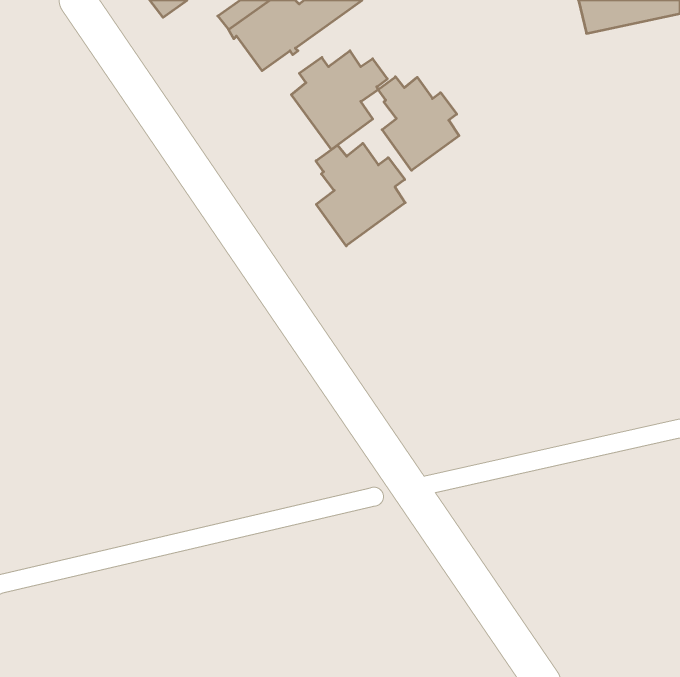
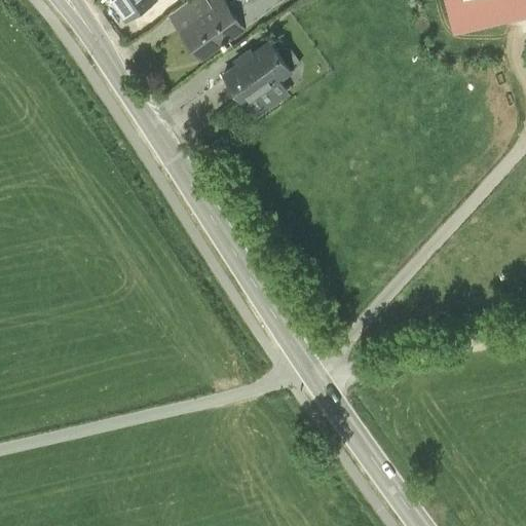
building: [378,77,459,170] -> none
building: [316,143,405,246] -> none

